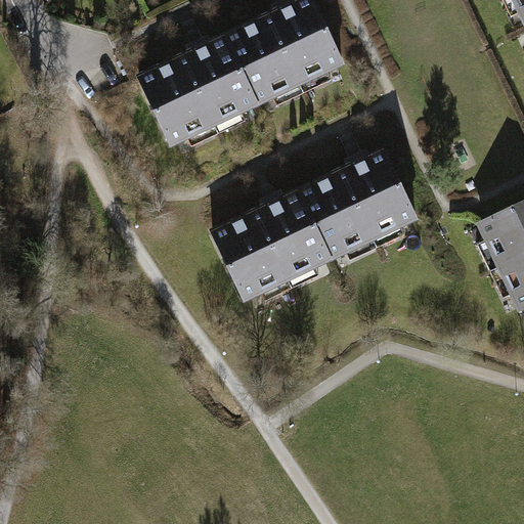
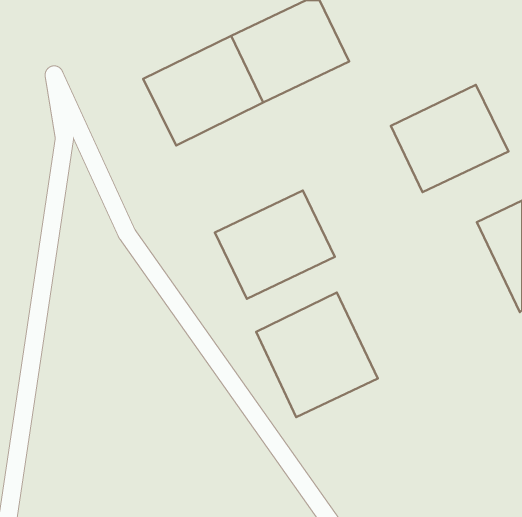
building: [303,156,421,263] -> [391,85,509,192]
building: none -> [256,293,378,417]

